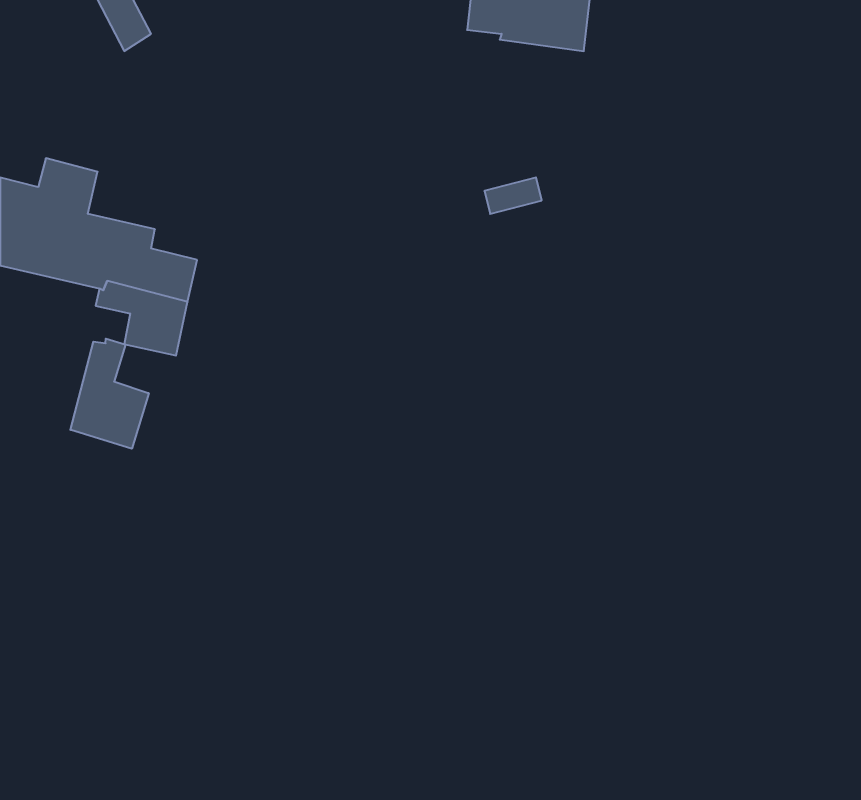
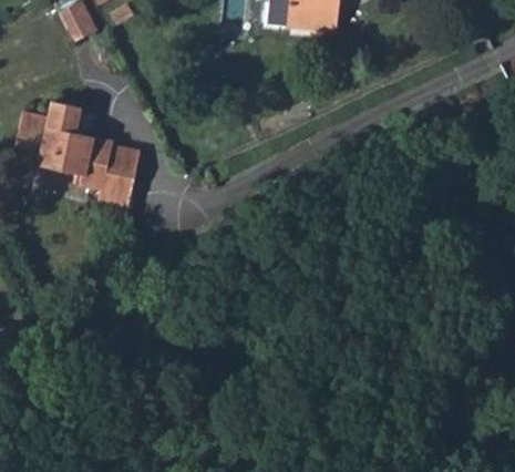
building: [70,339,149,449] -> none

